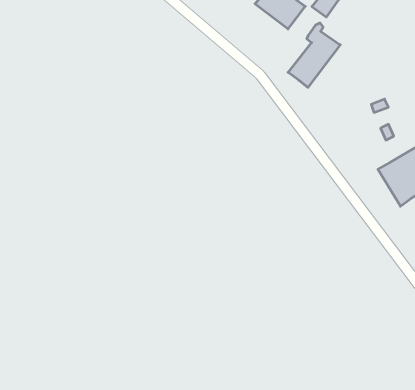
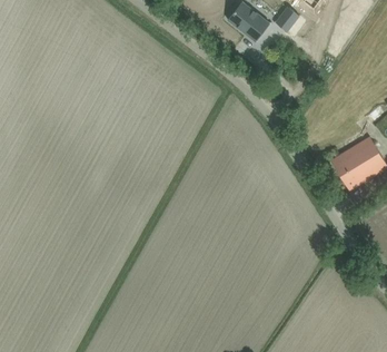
building: [288,23,340,87] -> none

